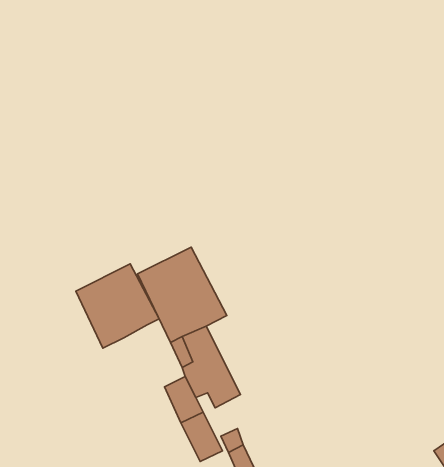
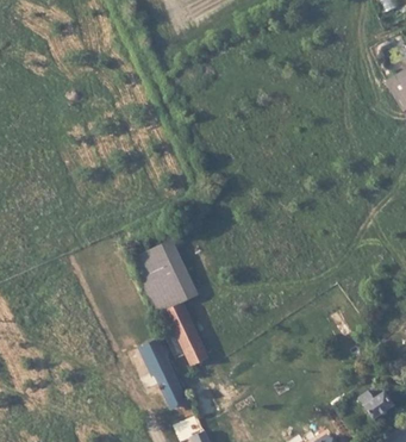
building: [76,264,159,348] -> none

